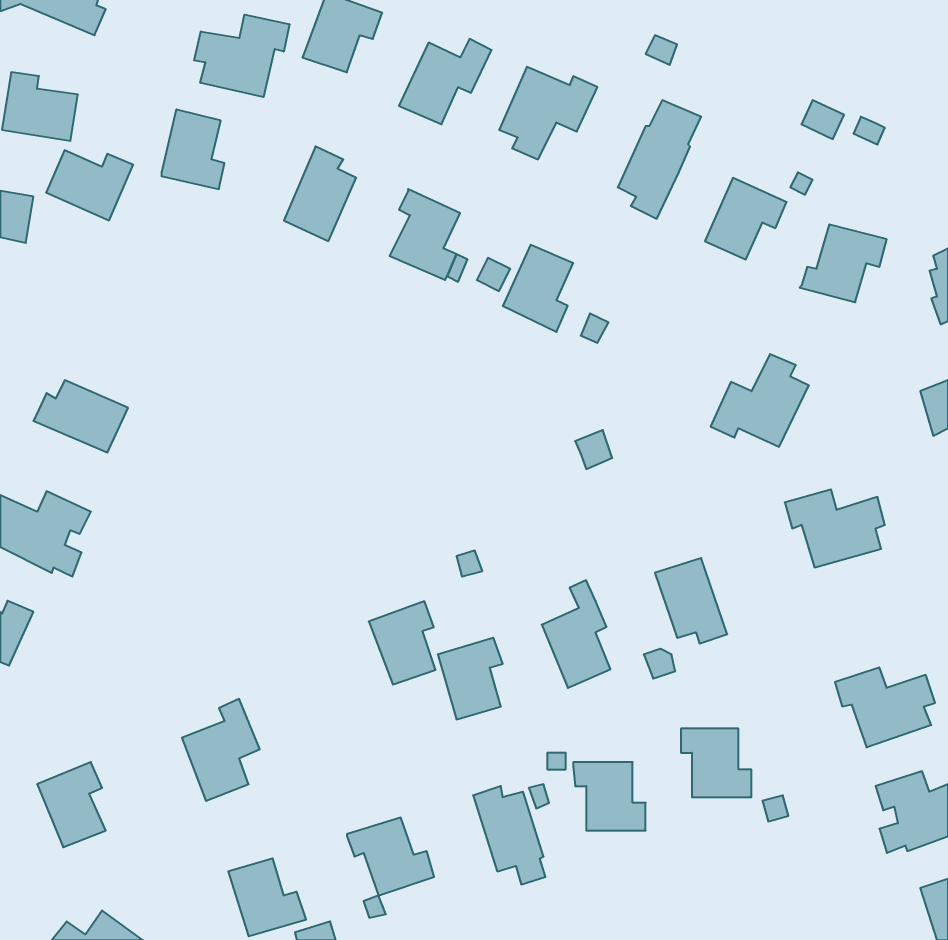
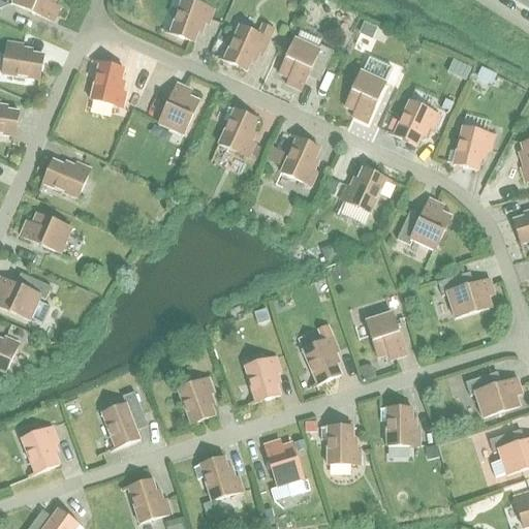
building: [194,15,289,97] -> none
building: [46,150,133,220] -> [41,158,90,197]
building: none -> [339,166,384,212]
building: [369,601,436,685] -> [177,376,214,423]

